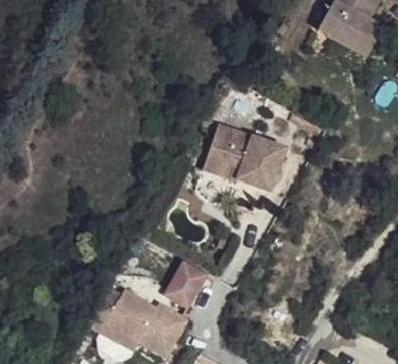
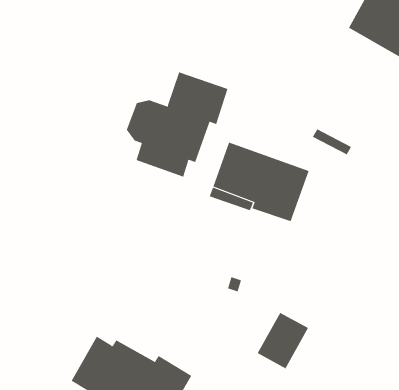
building: none -> [126,71,228,177]
building: [164,262,208,309] -> [257,312,309,369]

